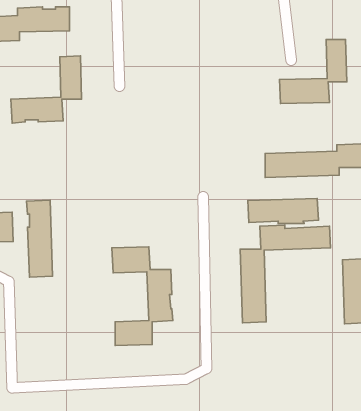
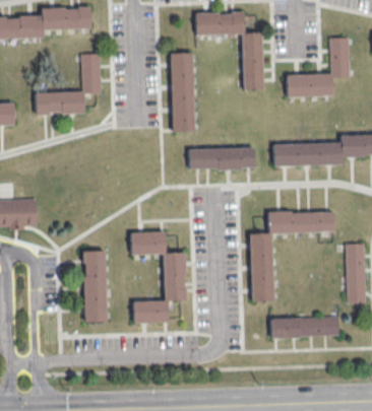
building: none -> [195,11,263,89]
building: none -> [170,53,195,133]
building: [248,198,318,223] -> [189,147,255,170]
building: [26,200,52,277] -> [82,251,107,323]
building: none -> [270,316,338,337]

